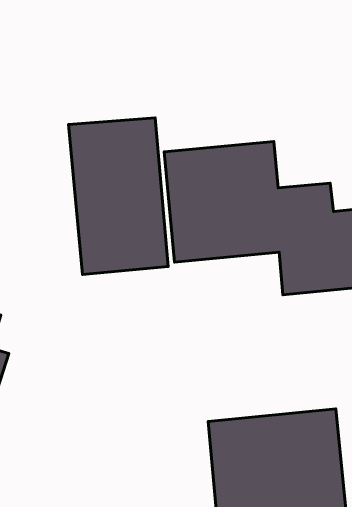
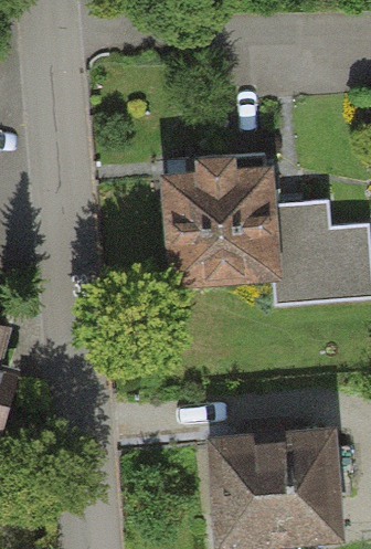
building: [68,118,168,274] -> none

